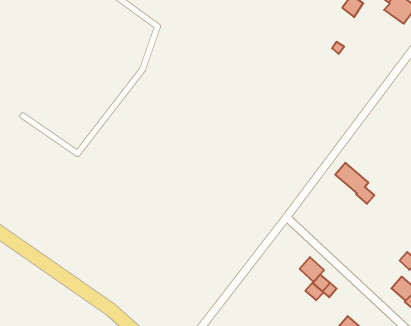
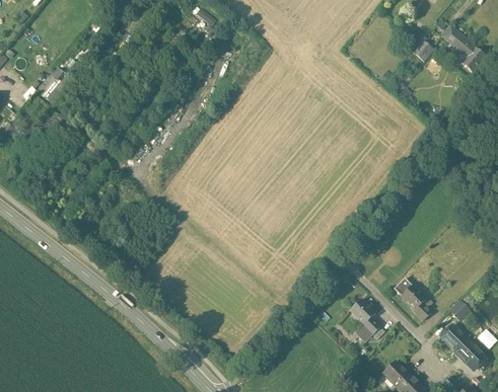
building: [335,163,374,204] -> [393,278,430,320]

